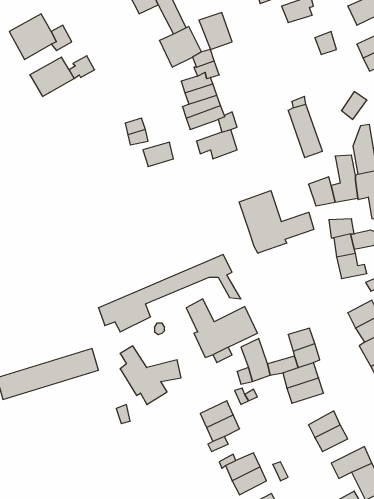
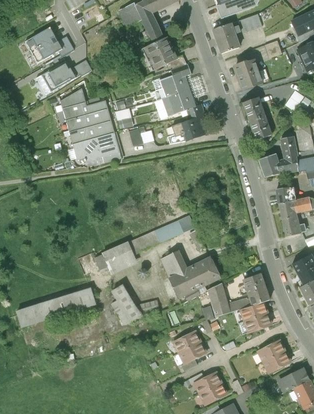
building: [199,12,232,49] -> [212,23,238,52]
building: none -> [235,58,262,89]
building: none -> [60,89,120,167]
building: [239,191,314,253] -> none

